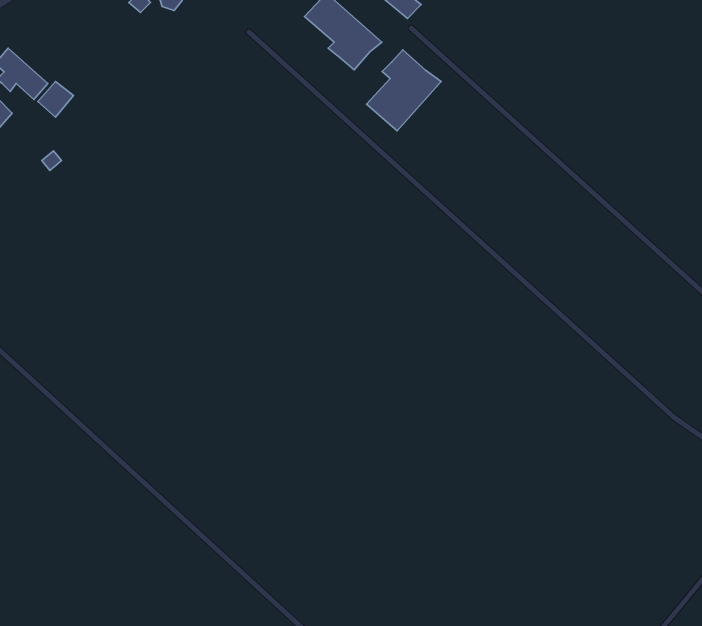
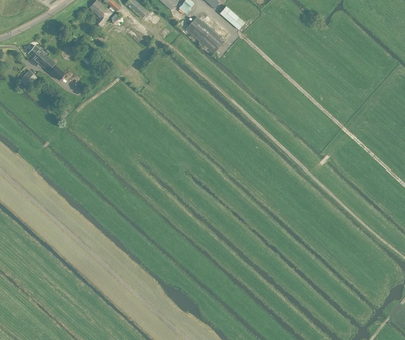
building: [366,50,441,131] -> none

